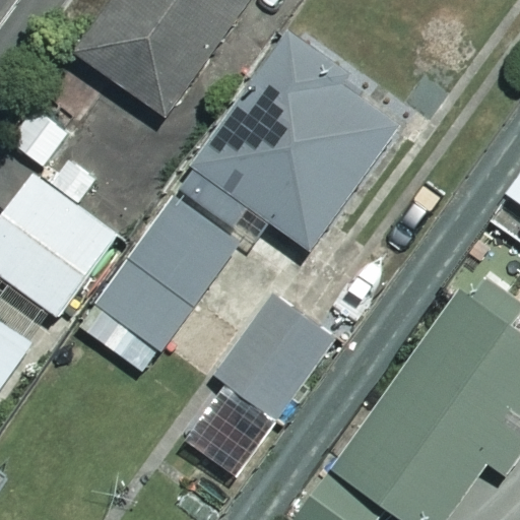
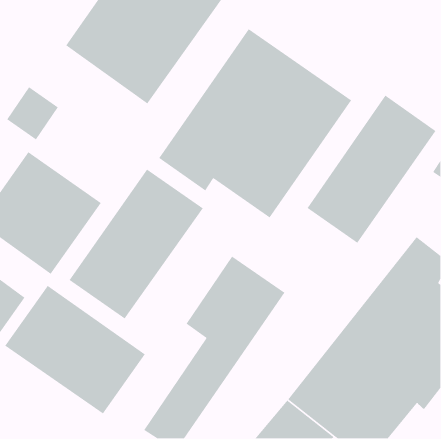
building: none -> [306,95,436,244]
building: none -> [4,285,146,415]

